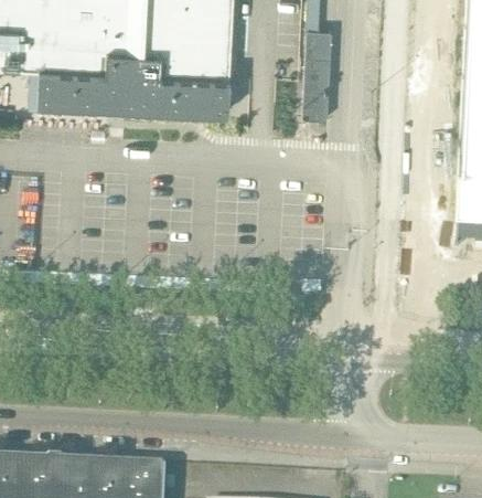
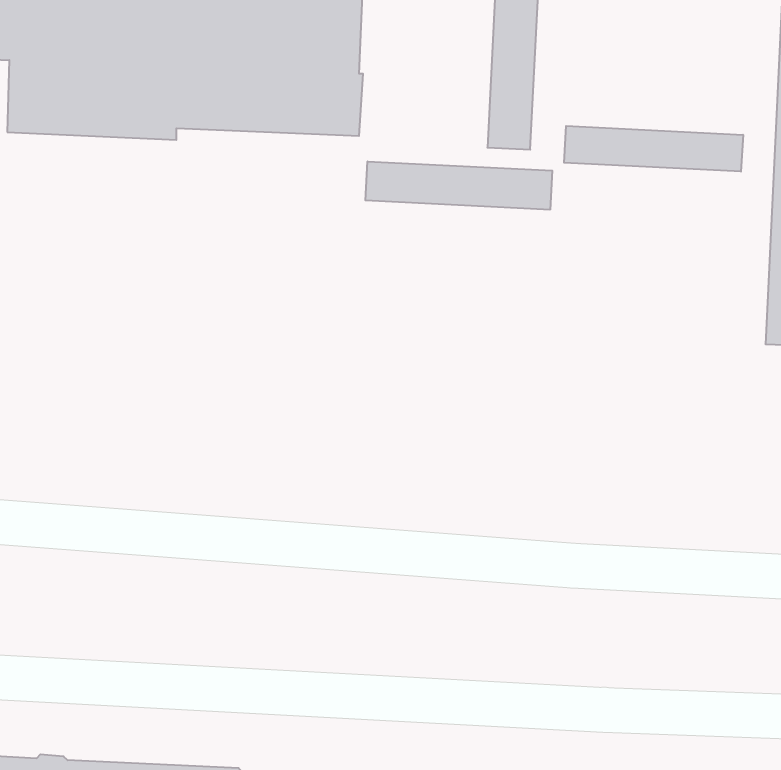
building: none -> [564,126,743,172]
building: none -> [365,161,552,210]

